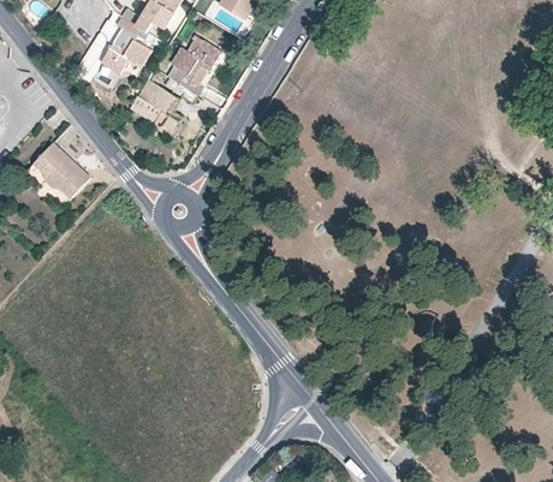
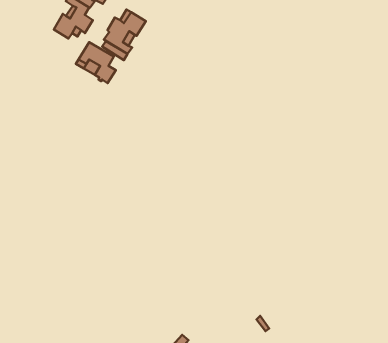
building: [32,143,89,198] -> none

